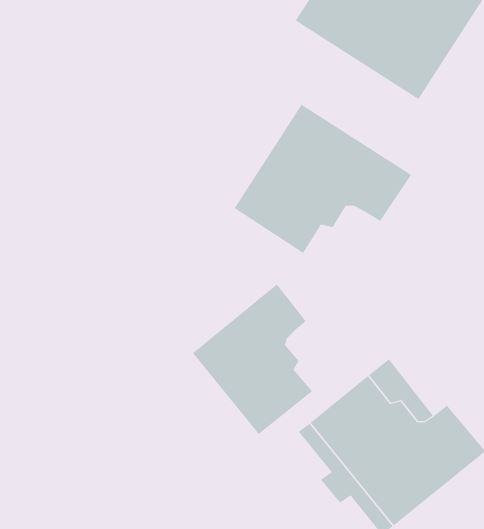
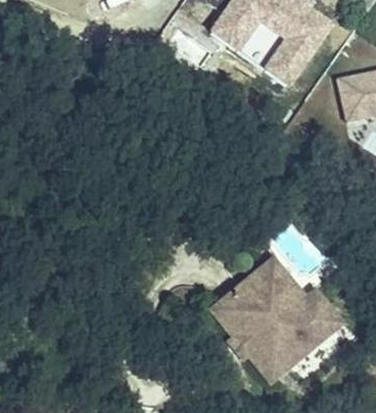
building: [234,104,412,254] -> none
building: [192,284,313,435] -> none

